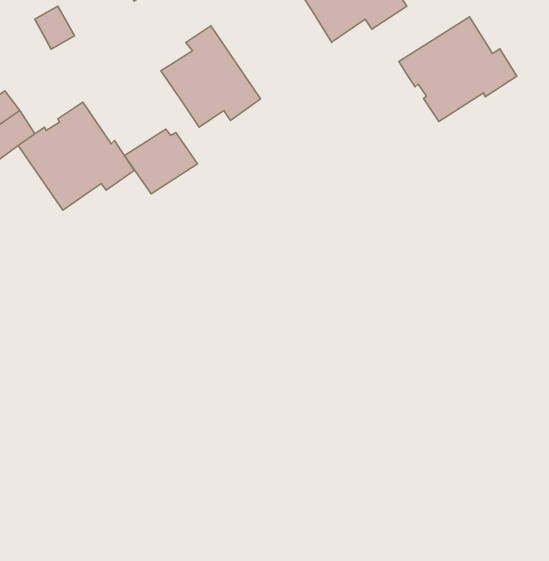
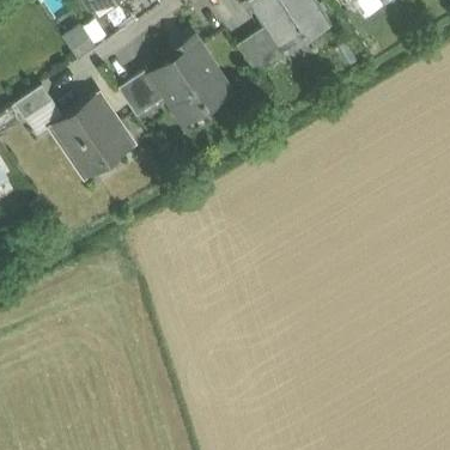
building: none -> [237,28,284,75]
building: [399,17,517,122] -> none
building: [124,129,198,194] -> [117,68,170,115]

